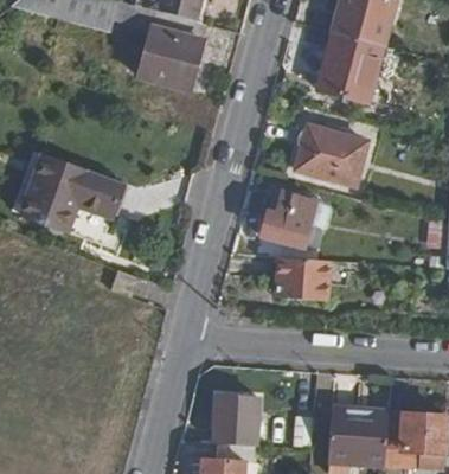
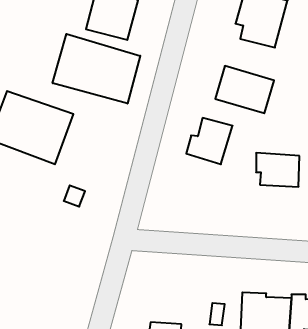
building: none -> [53,34,140,104]
building: [277,256,331,297] -> [256,153,299,187]
building: [212,393,258,443] -> none

